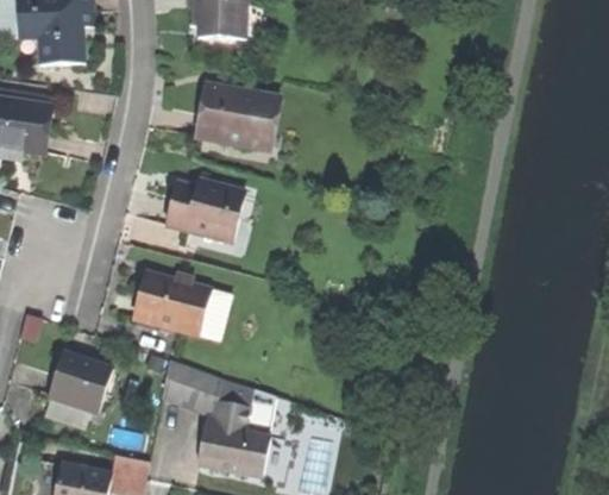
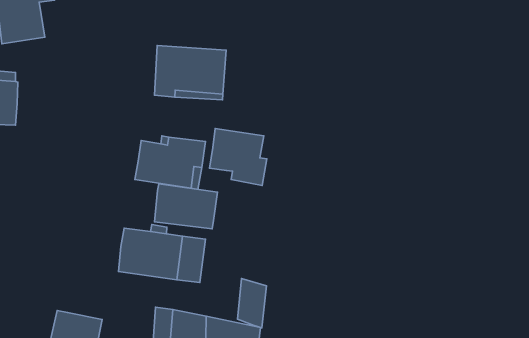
building: none -> [210,129,267,185]
building: none -> [155,184,218,229]
building: none -> [237,279,266,328]

